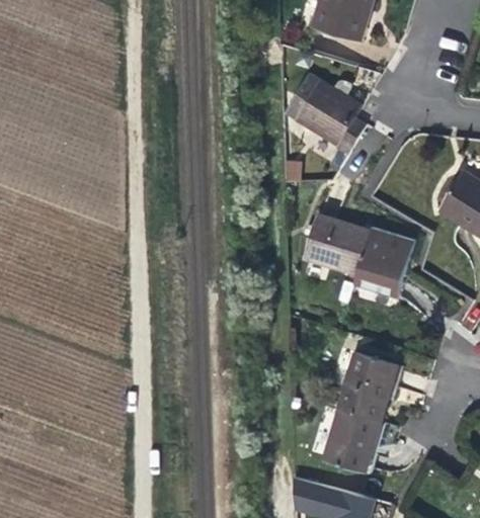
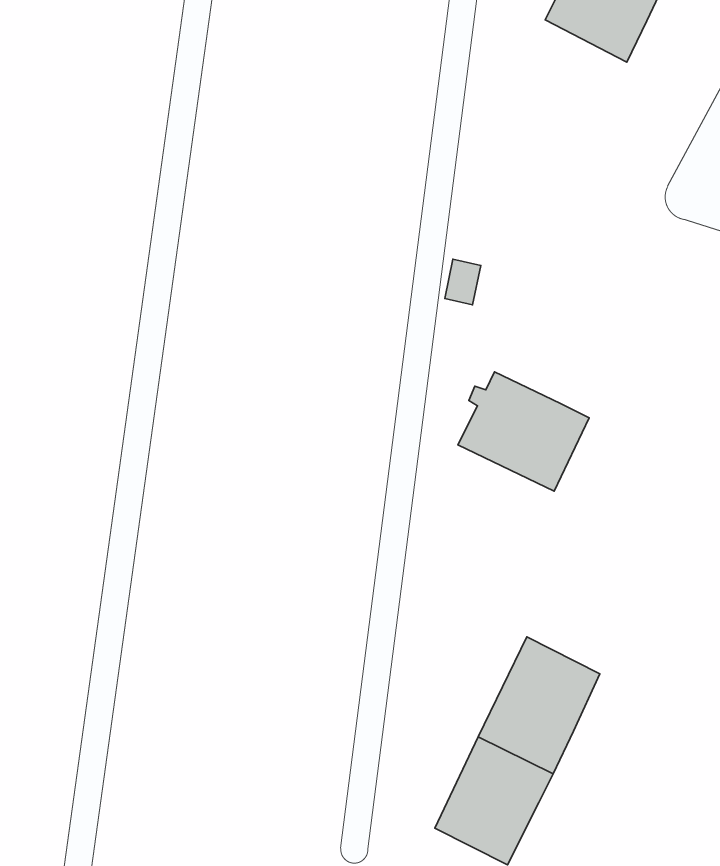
building: [296,80,367,150] -> none
building: [353,226,415,298] -> none

